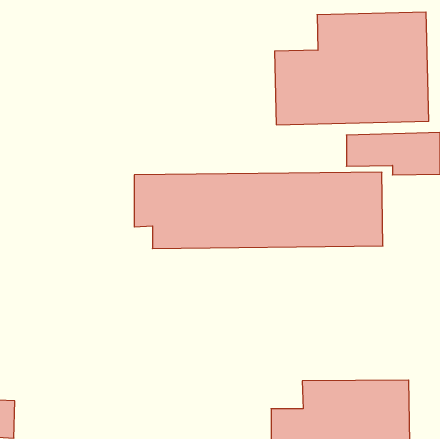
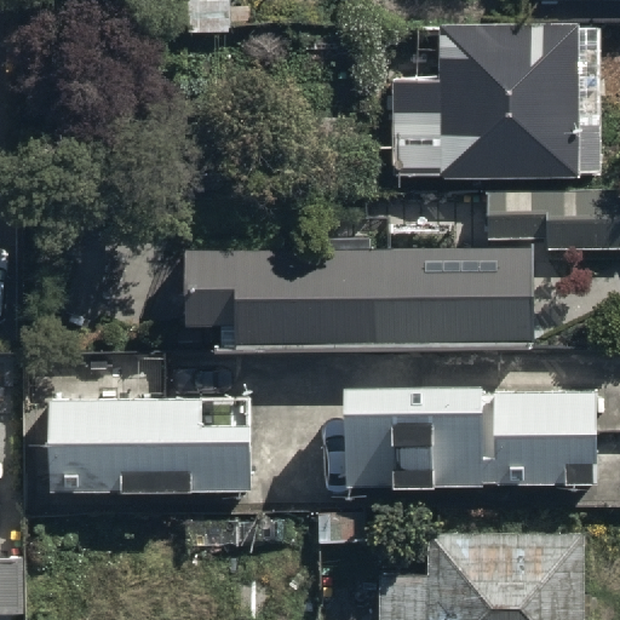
building: none -> [351,395,585,488]
building: none -> [48,397,246,500]

